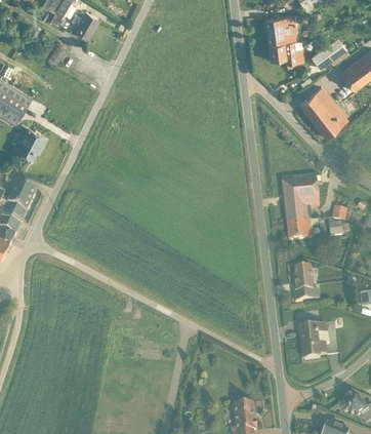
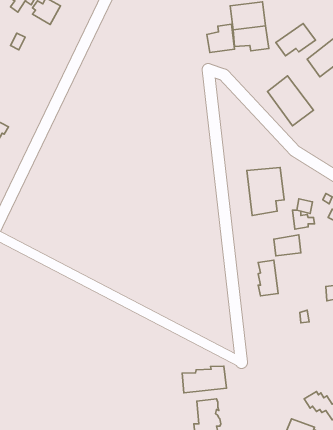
building: none -> [207,24,235,52]
building: [287,216,314,237] -> [274,235,301,256]
building: [297,322,328,358] -> none
building: none -> [182,366,226,393]

